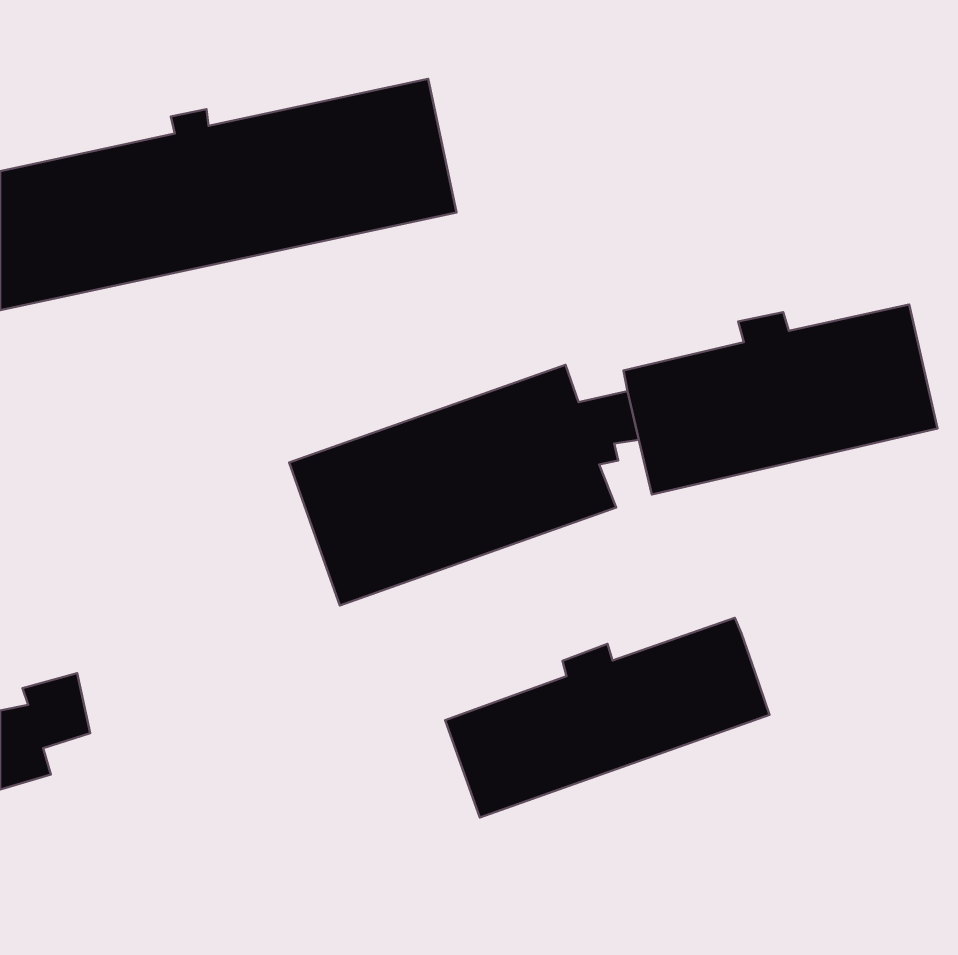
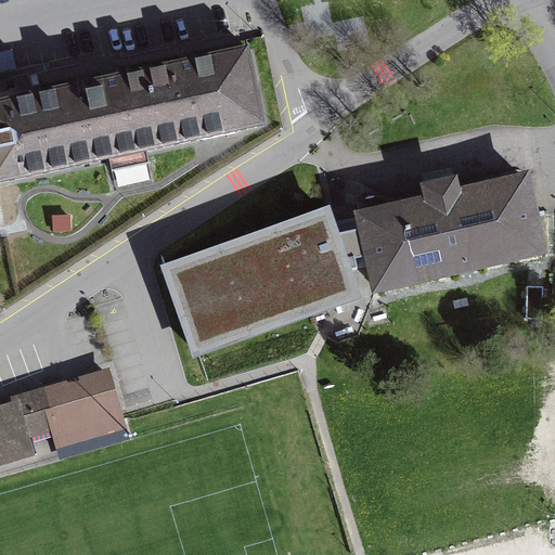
building: [445,618,769,817] -> none
building: none -> [46,370,120,436]

